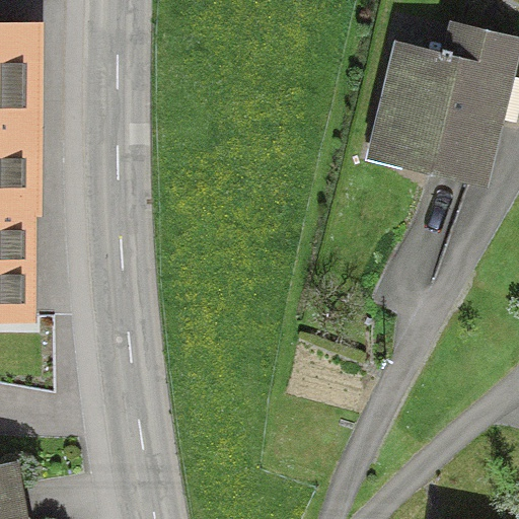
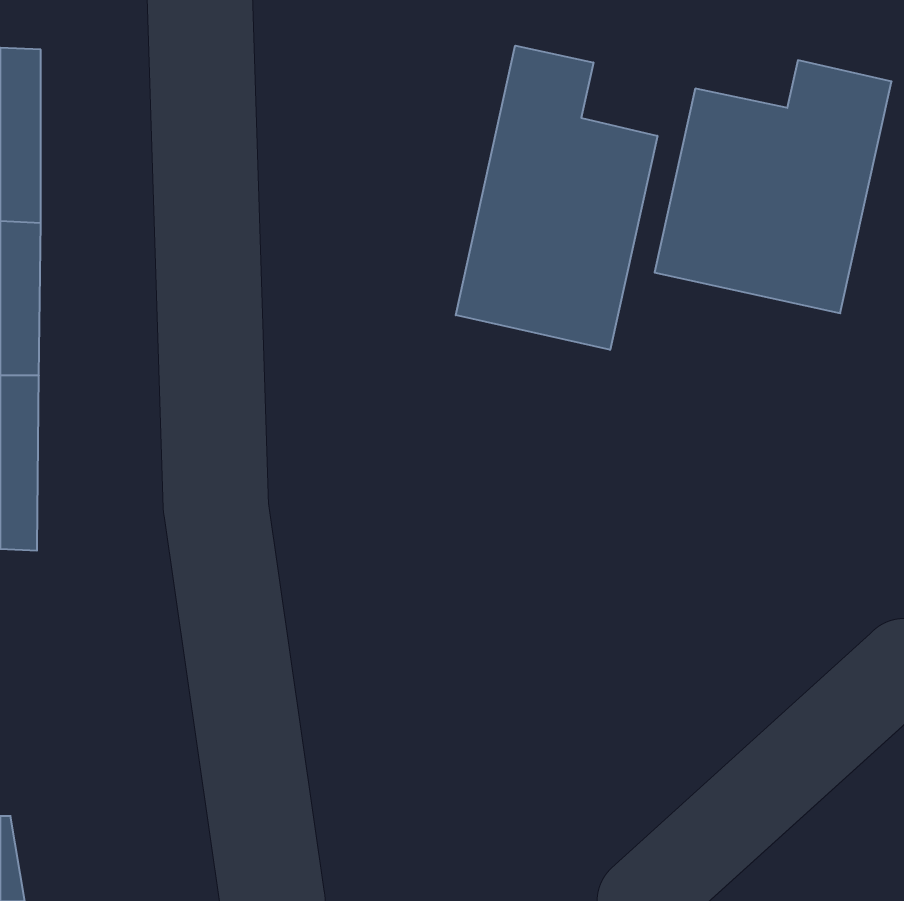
building: none -> [456,46,657,350]

